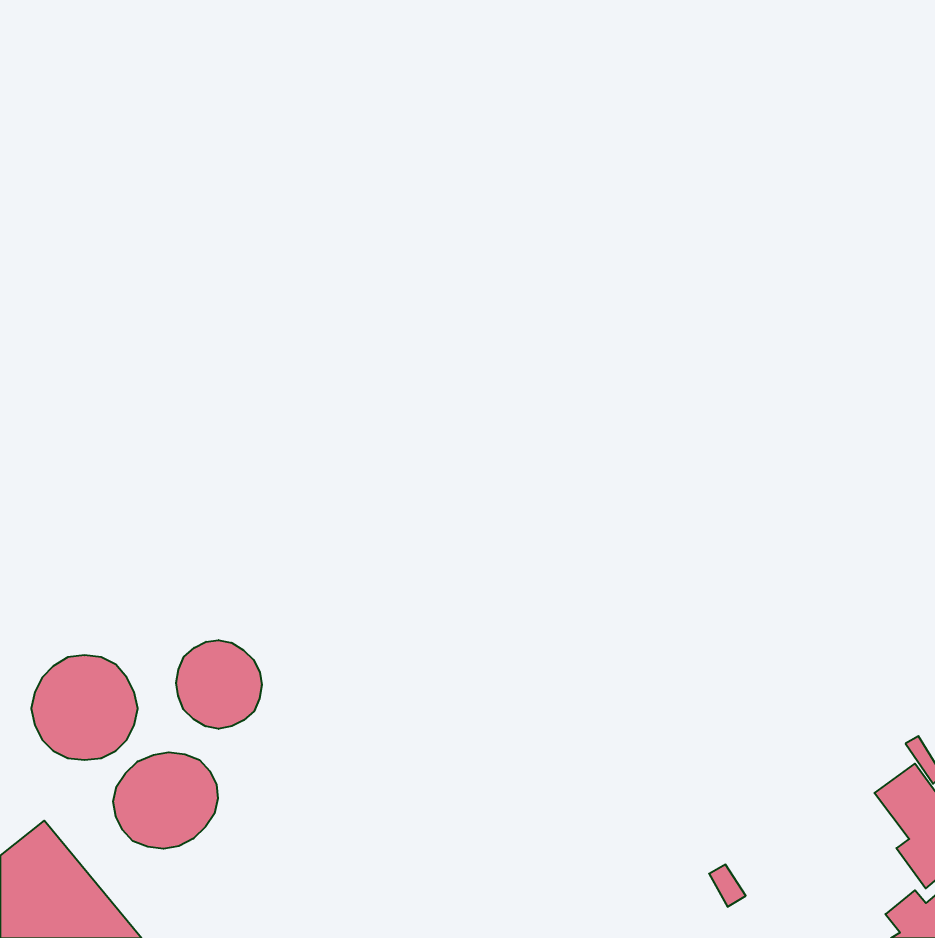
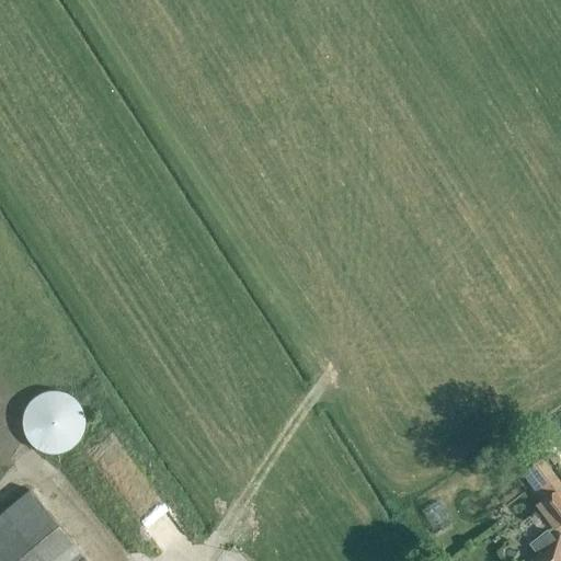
building: [176,640,262,729] -> none
building: [113,752,218,849] -> none

